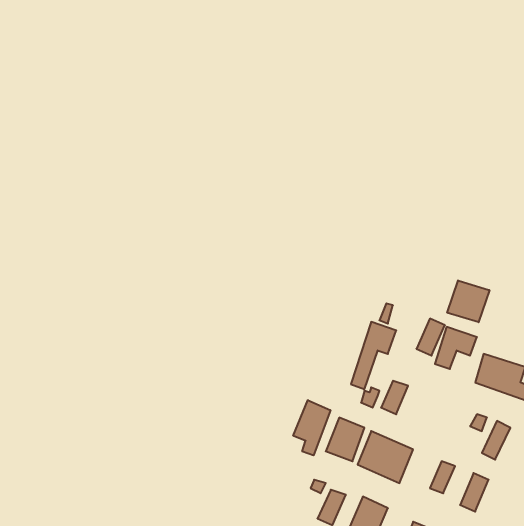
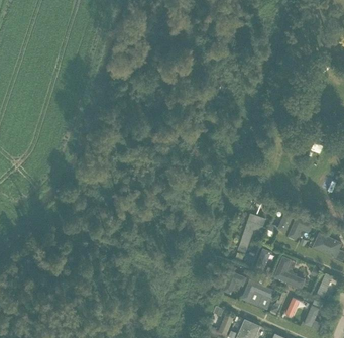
building: [447,280,489,322] -> none
building: none -> [272,255,306,289]
building: [293,400,330,455] -> none

